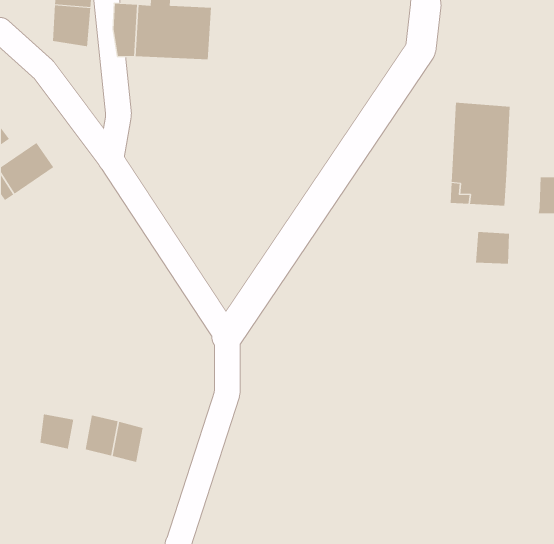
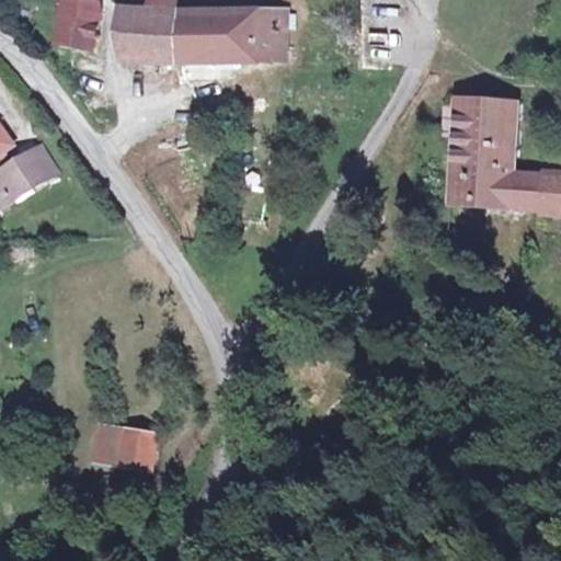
building: none -> [211,8,283,64]
building: [475,231,510,264] -> [511,176,546,209]
building: [40,413,74,449] -> none

